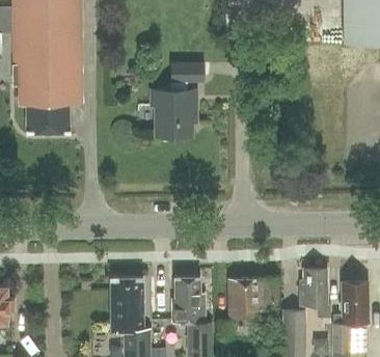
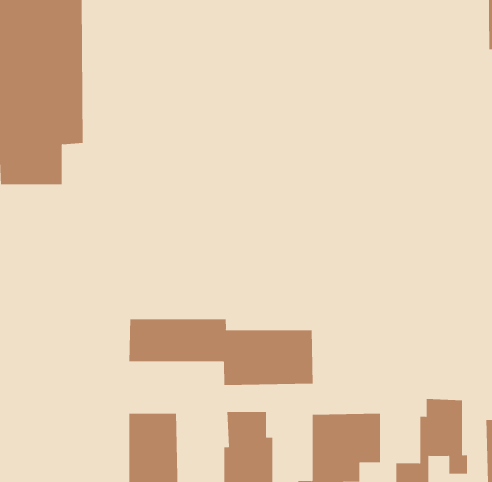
building: [152,63,205,135] -> none
building: none -> [129,319,313,386]

